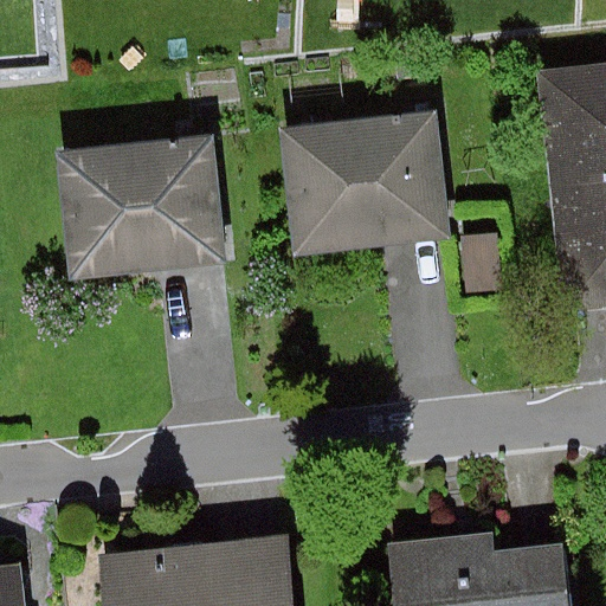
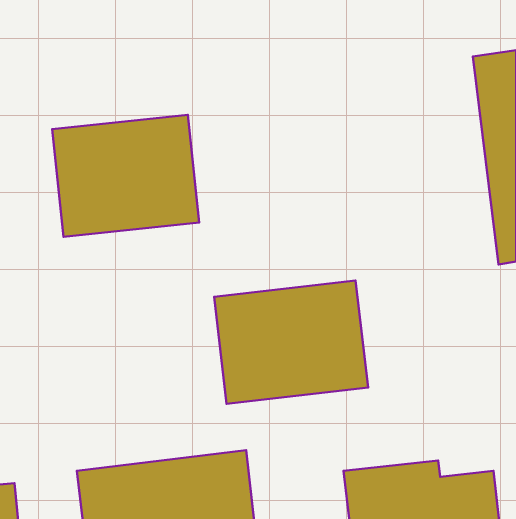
building: [279,111,447,253] -> none
building: none -> [214,281,368,404]

